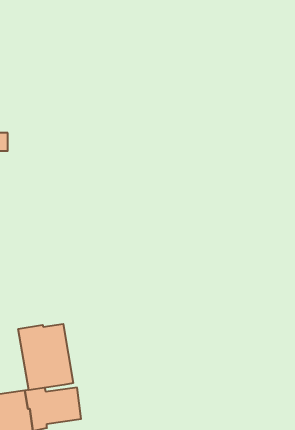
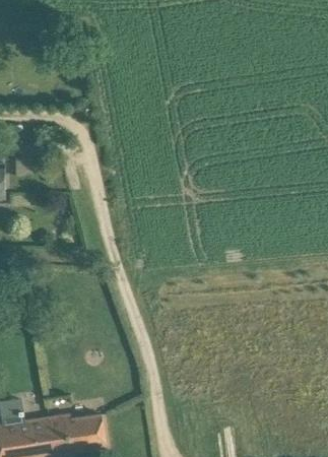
building: [18,324,73,390] -> none

